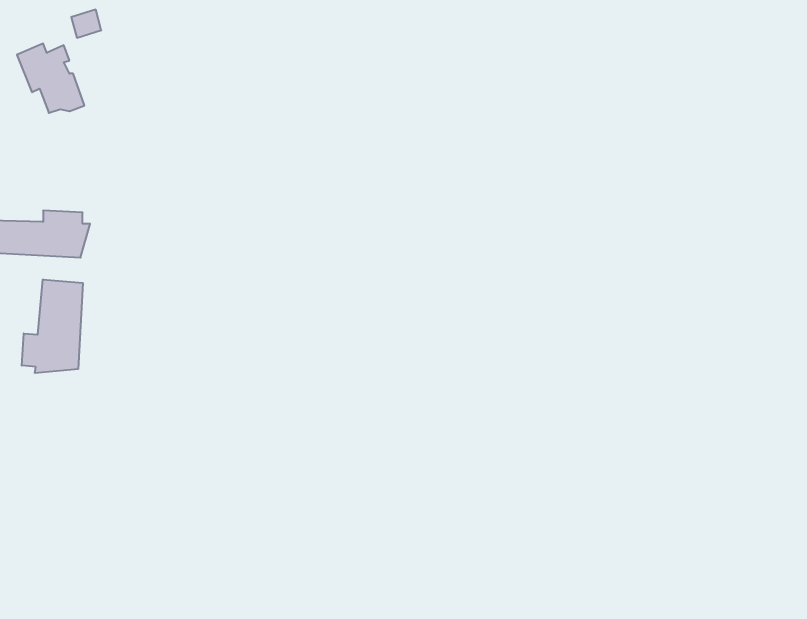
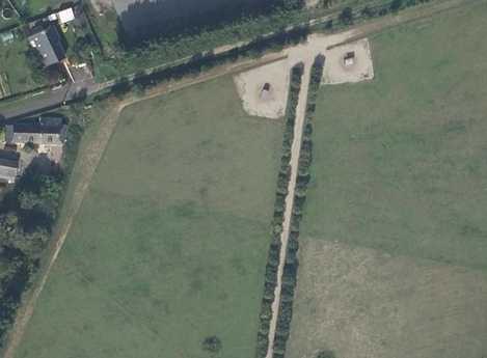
building: [22,279,83,373] -> none

